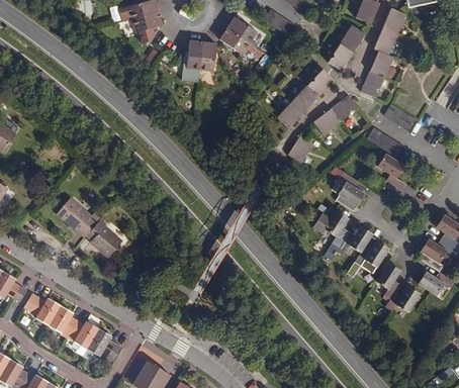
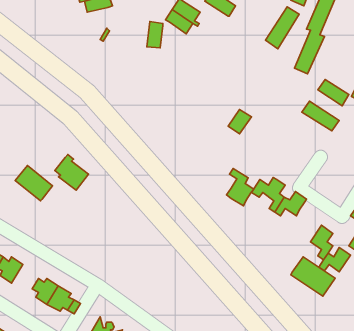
building: [180,39,201,82] -> none
building: [276,69,334,127] -> none
building: [311,96,357,134] -> none
building: [377,154,406,189] -> none
building: [335,171,364,211] -> [227,169,254,206]
building: [85,216,121,255] -> [55,155,88,190]
building: [353,240,388,267] -> none
building: none -> [291,257,335,296]
building: [52,304,81,331] -> none

